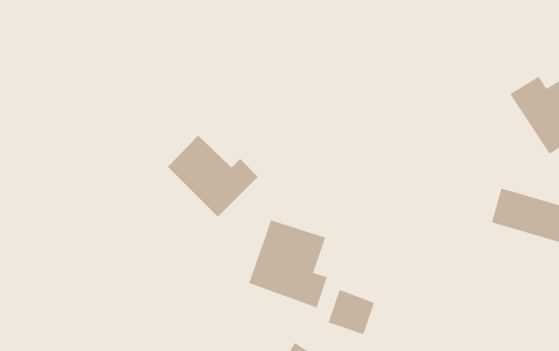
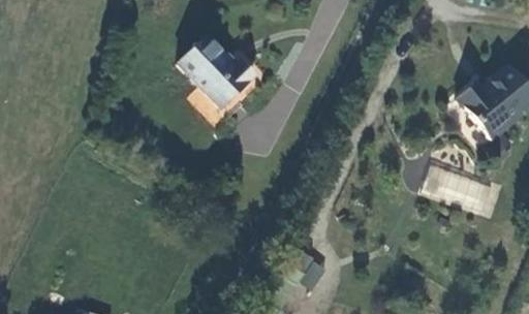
building: [167,135,259,217] -> [183,38,259,107]
building: [249,220,327,308] -> none

